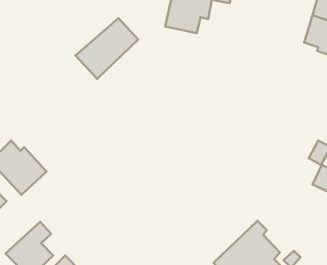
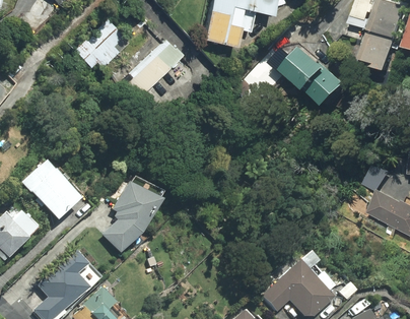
building: none -> [70,19,127,74]
building: none -> [273,42,345,105]
building: none -> [100,181,158,254]

